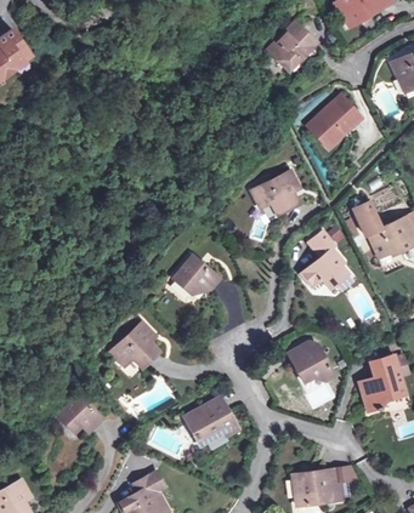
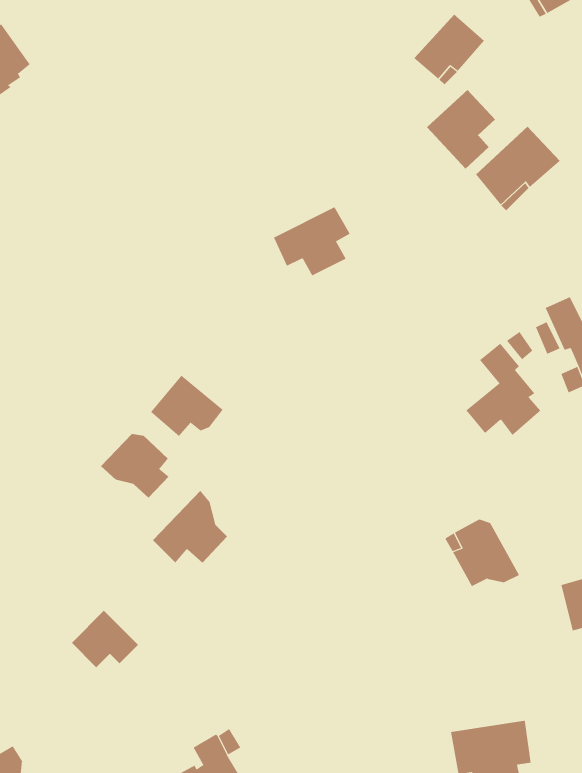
building: none -> [426,89,496,170]
building: [254,170,302,213] -> [273,207,350,276]
building: [175,255,221,293] -> [150,375,224,437]
building: none -> [100,433,170,499]
building: [180,395,233,448] -> none

